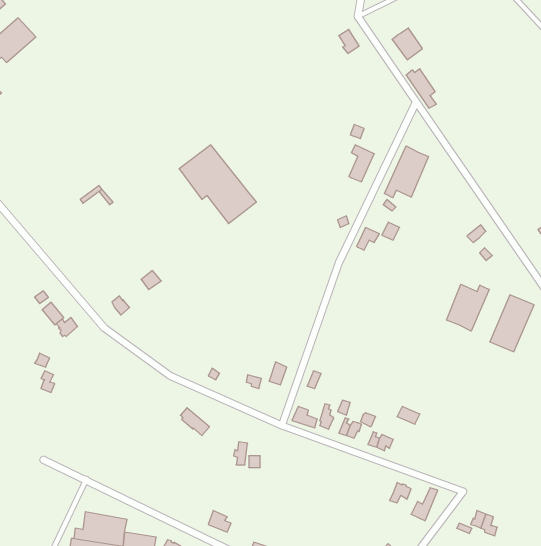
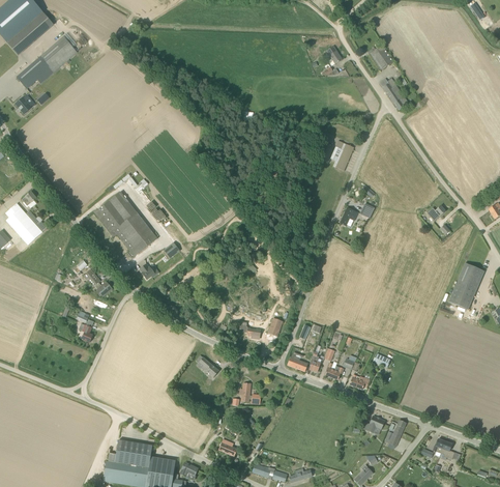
building: [179,145,256,224] -> [94,192,157,256]
building: [384,146,428,198] -> none
building: [447,284,489,331] -> none

